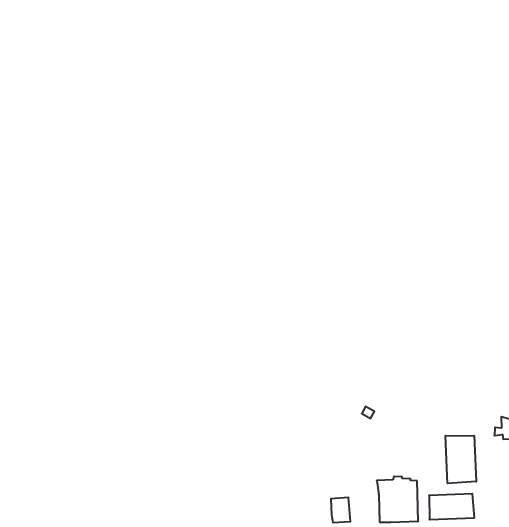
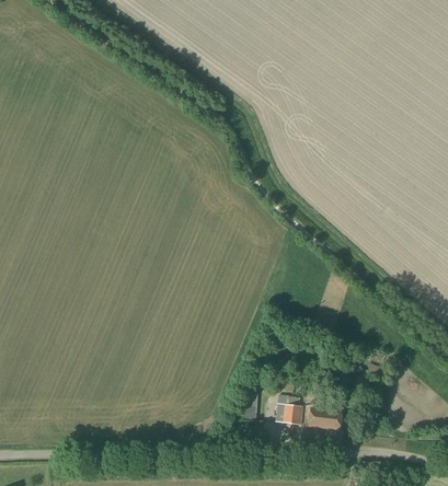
building: [446,436,476,483] -> none

